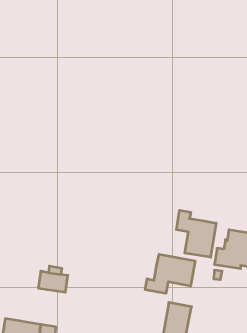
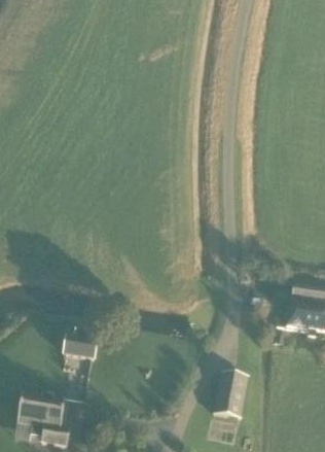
building: [176,210,216,257] -> none
building: [145,254,195,293] -> none

